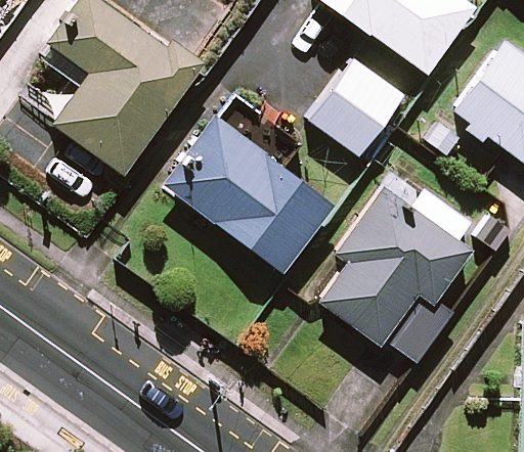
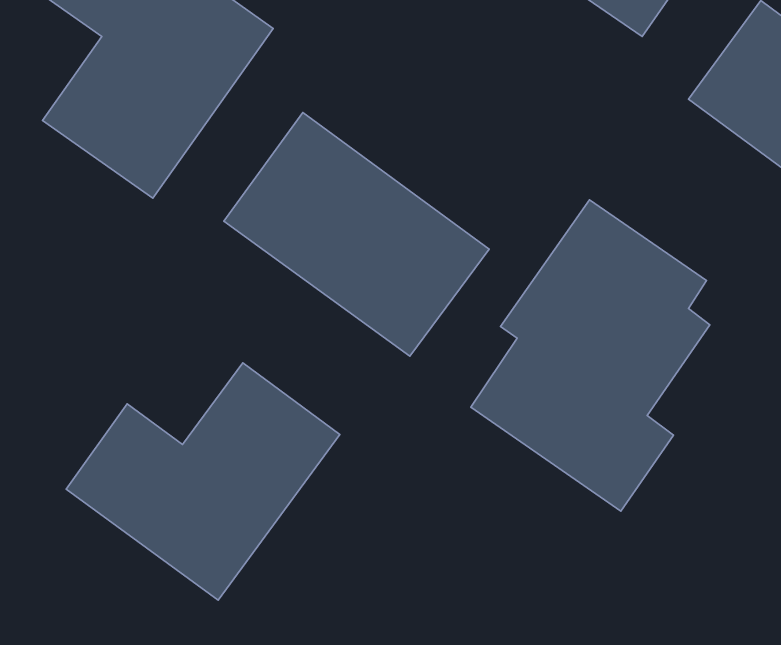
building: [311,58,405,155] -> none
building: none -> [66,363,340,600]

